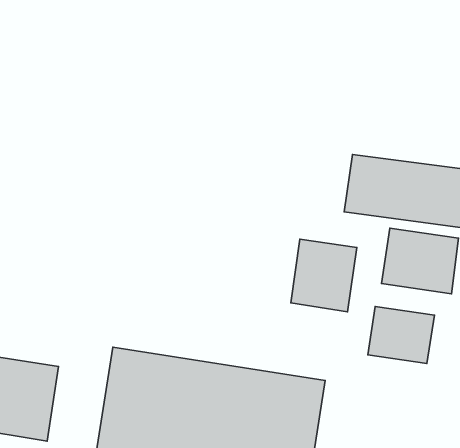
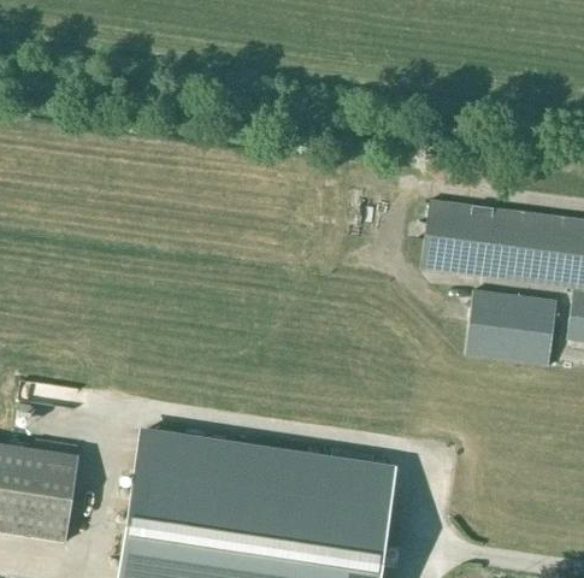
building: [291,239,357,312] -> none
building: [368,306,435,363] -> none

